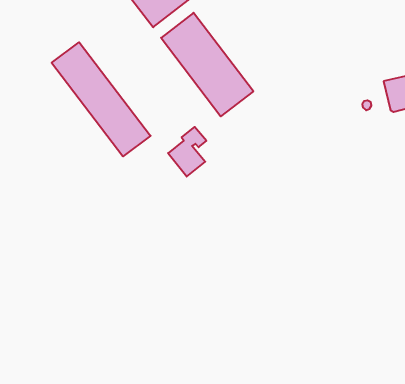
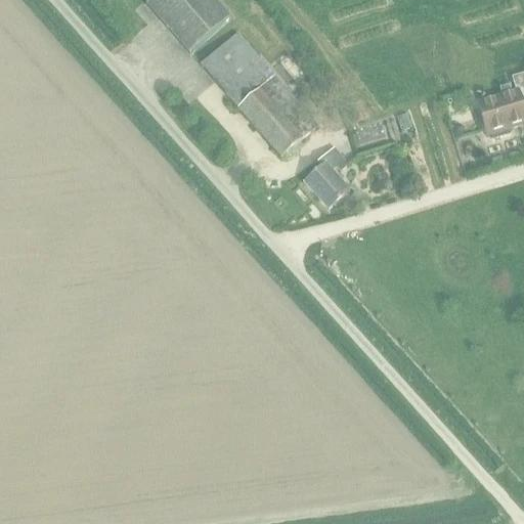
building: [52,42,151,156] -> none
building: [168,127,206,177] -> [304,144,350,206]

